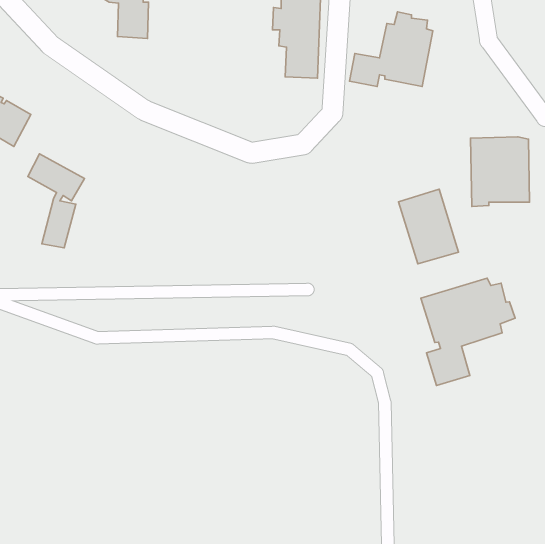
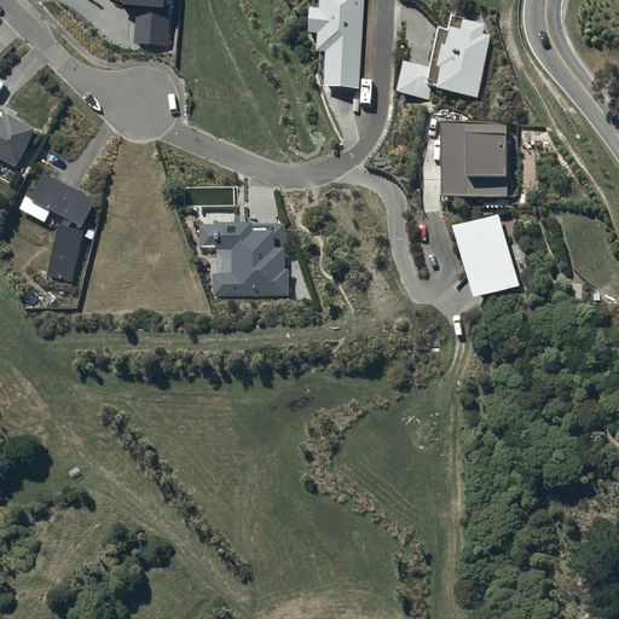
building: [471,137,529,206] -> [440,122,507,201]
building: none -> [199,224,288,295]
building: [421,278,515,386] -> none

